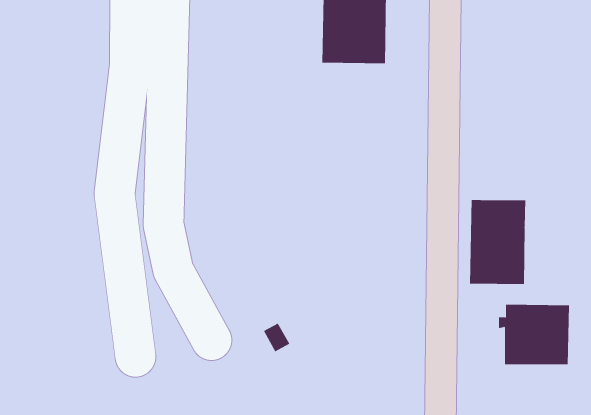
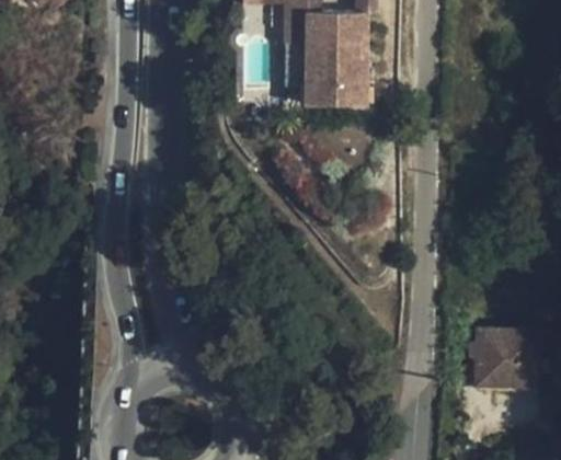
building: [469,199,526,285] -> none

